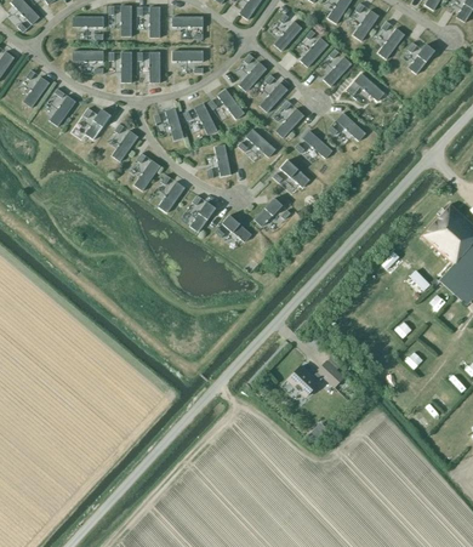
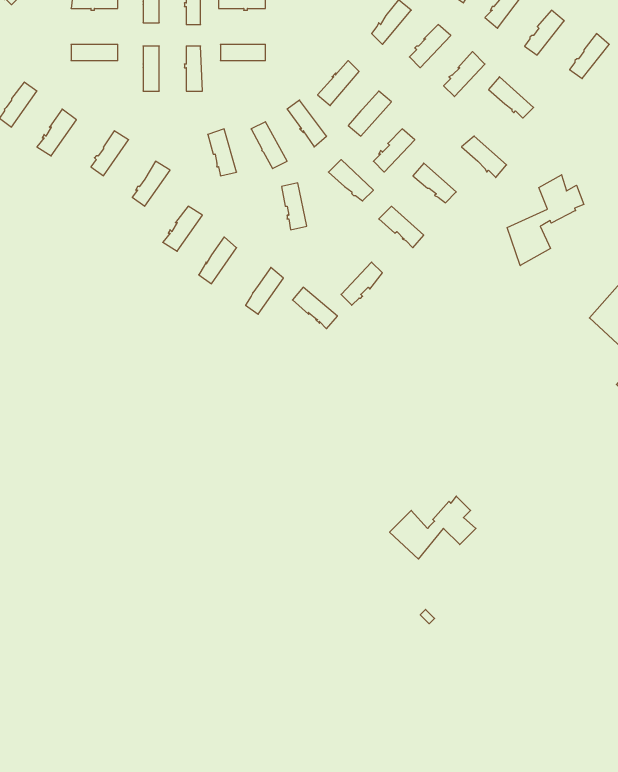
building: none -> [507,175,584,266]

